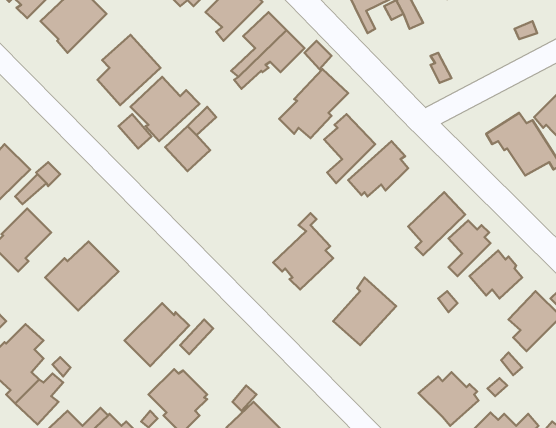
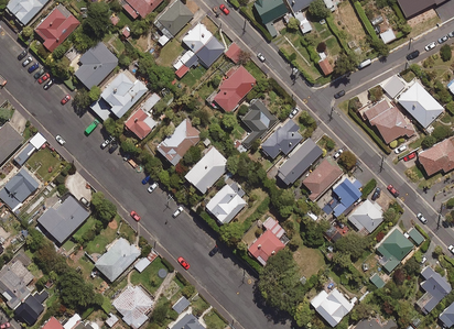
building: none -> [155,118,203,165]
building: none -> [274,136,323,185]
building: none -> [184,146,231,194]

